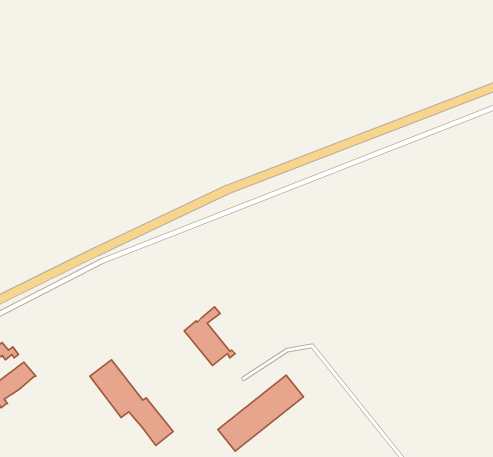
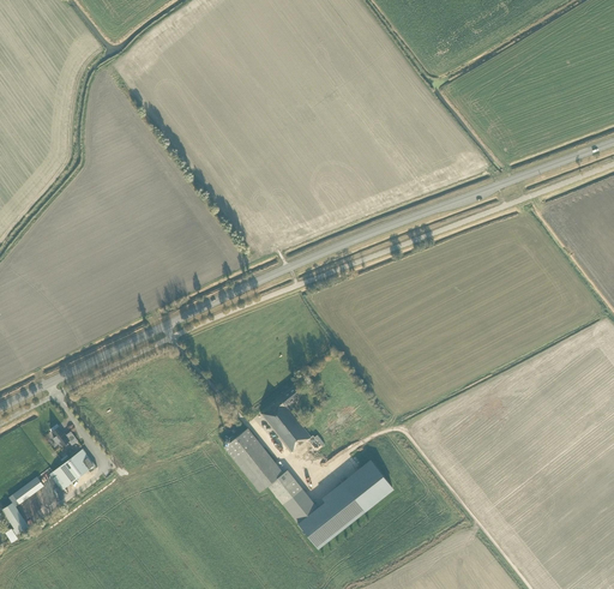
building: [90,360,173,446] -> [224,428,317,523]

